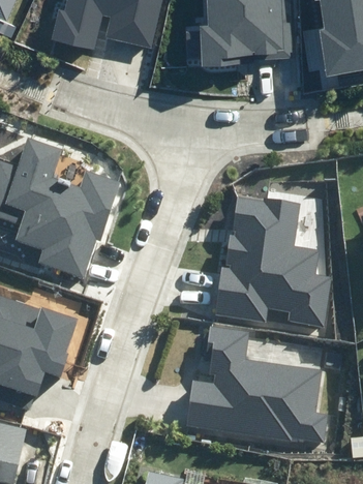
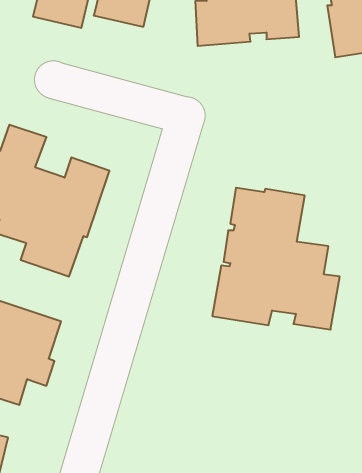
building: [184,327,325,444] -> none

